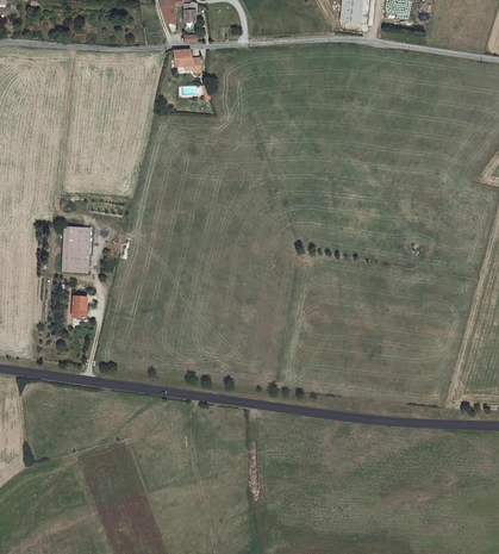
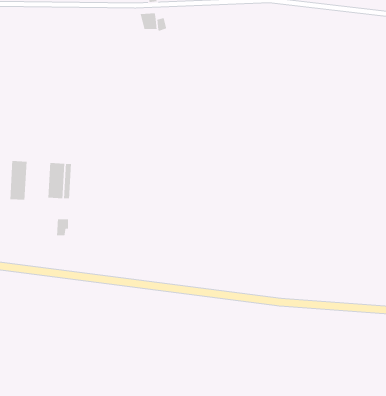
building: none -> [9,160,27,201]

